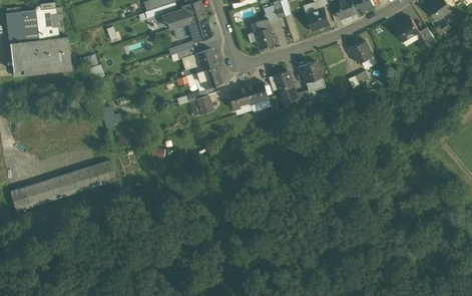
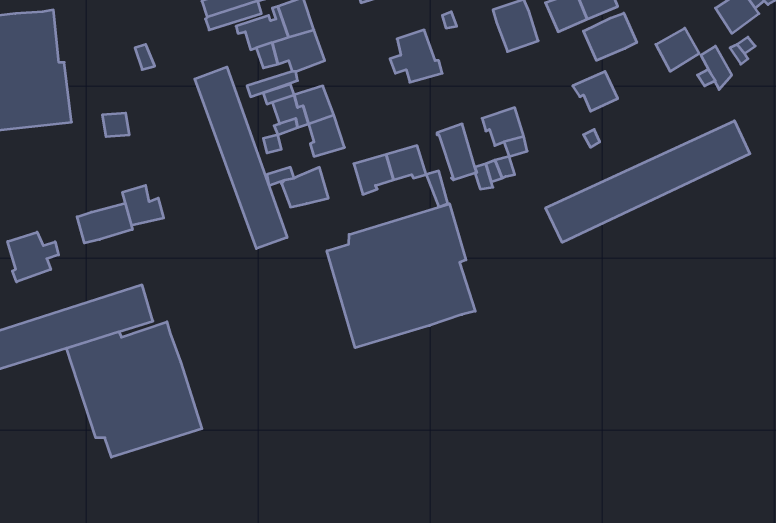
building: none -> [583,13,637,60]
building: none -> [195,67,287,249]
building: none -> [546,121,750,242]
building: none -> [77,203,132,243]
building: none -> [327,204,475,348]
building: none -> [8,232,59,282]
building: none -> [67,322,202,457]

